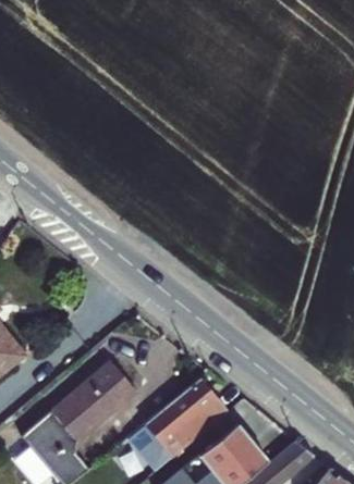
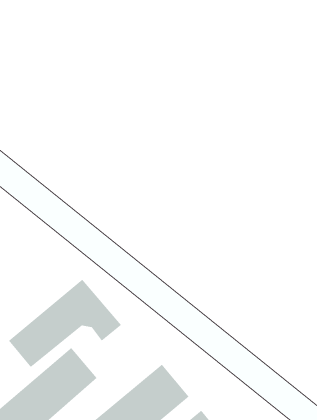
building: none -> [8,279,122,368]

